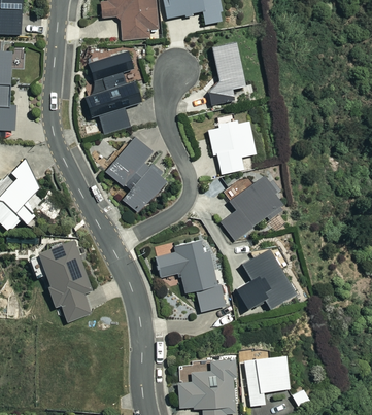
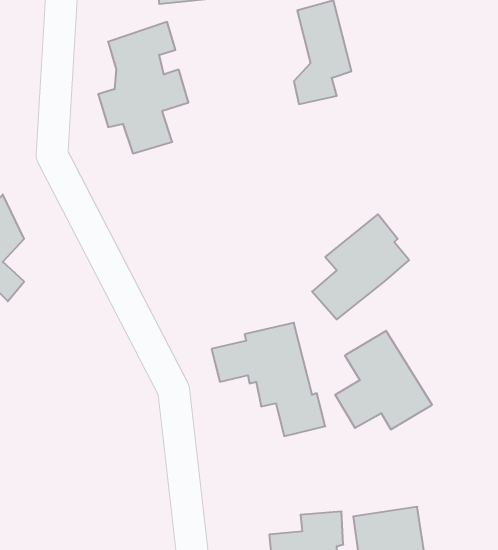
building: [209,115,255,175] -> none
building: [106,137,167,215] -> none
building: [38,241,93,322] -> none

